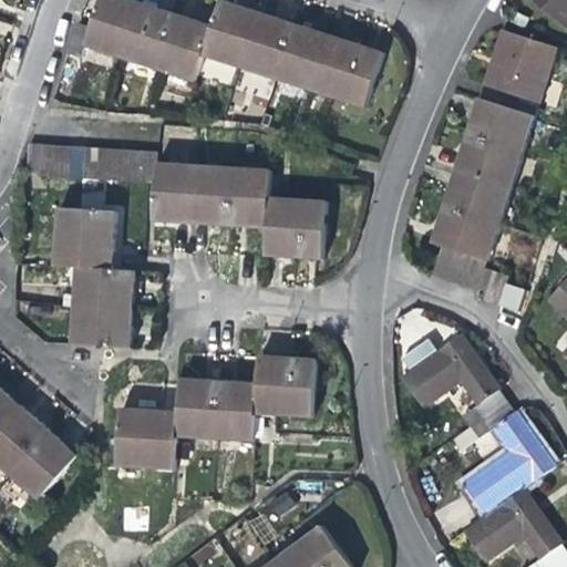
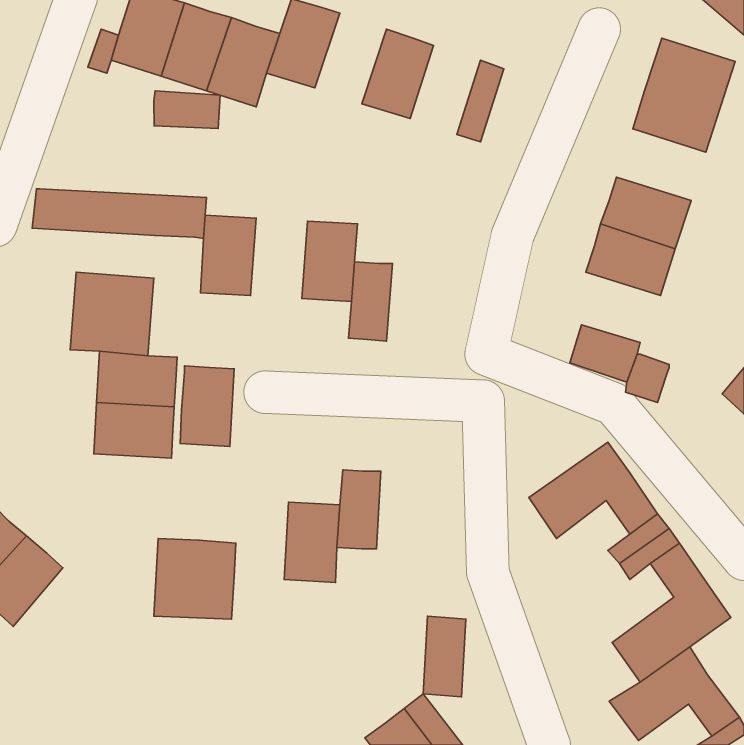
building: [238,10,292,79] -> none
building: [310,34,363,102] -> none
building: none -> [154,91,220,129]
building: [466,97,534,152] -> none
building: [189,165,233,226] -> none
building: [292,199,326,260] -> none
building: [431,206,499,259] -> none
building: [285,357,317,417] -> [423,616,466,697]
building: [177,378,218,439] -> [180,366,234,446]
building: [10,430,76,498] -> none

